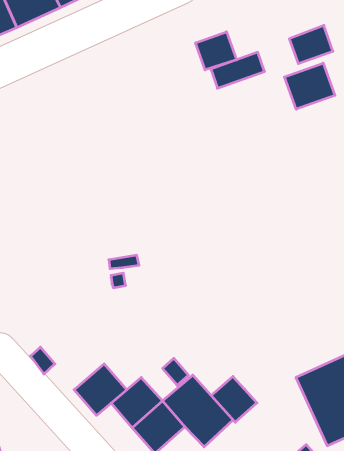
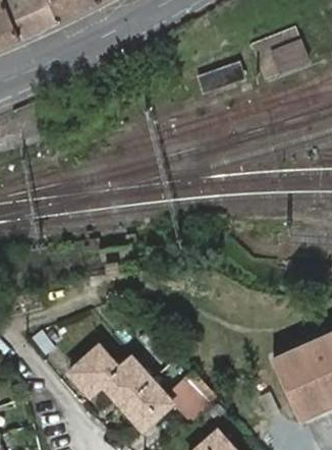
building: [196,32,237,70] -> none
building: [284,63,335,109] -> none
building: [211,376,257,422] -> none

